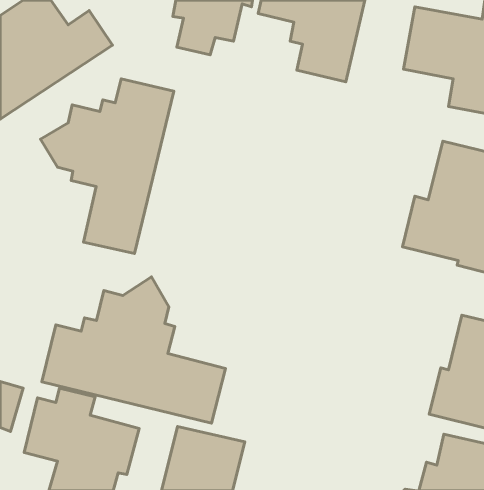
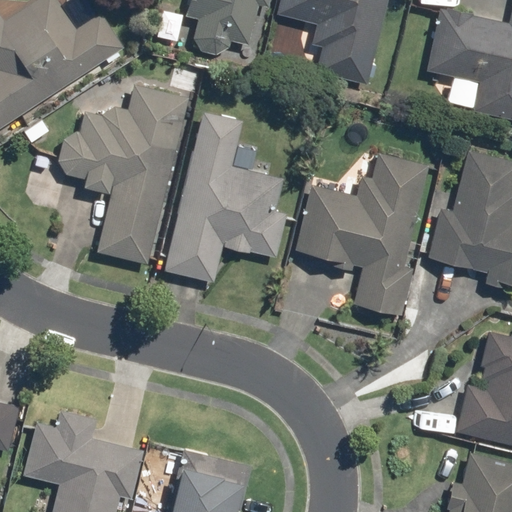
building: none -> [162,110,289,282]
building: none -> [293,151,427,316]
building: [42,277,226,423] -> none

